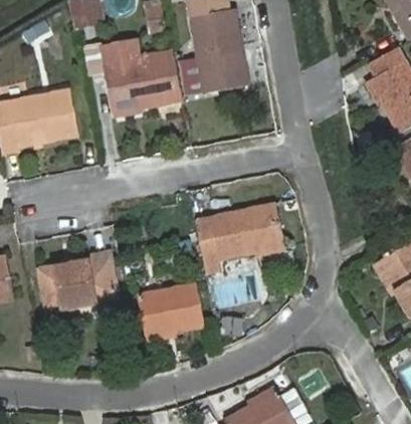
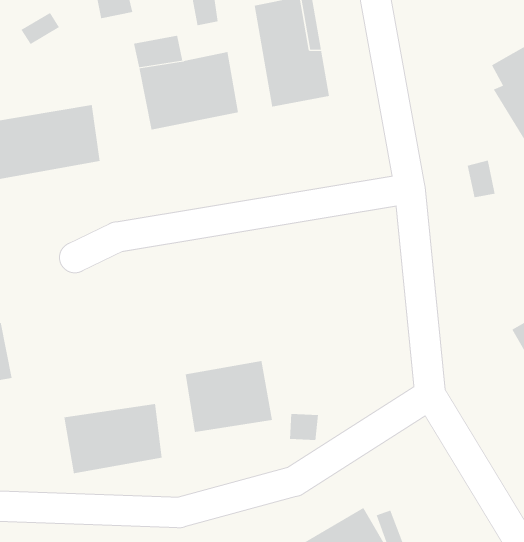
building: [196,205,285,272] -> none
building: [40,258,114,310] -> [64,403,163,474]

